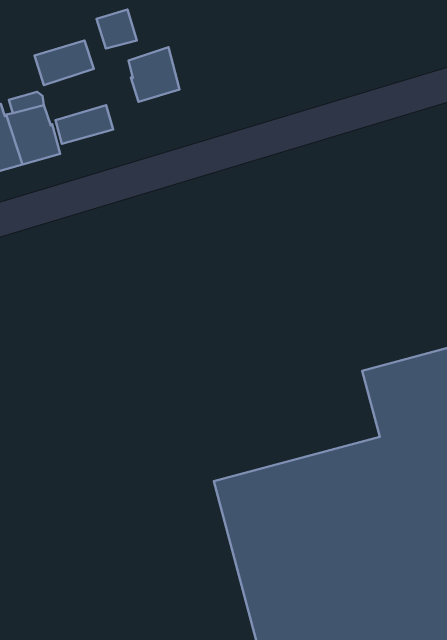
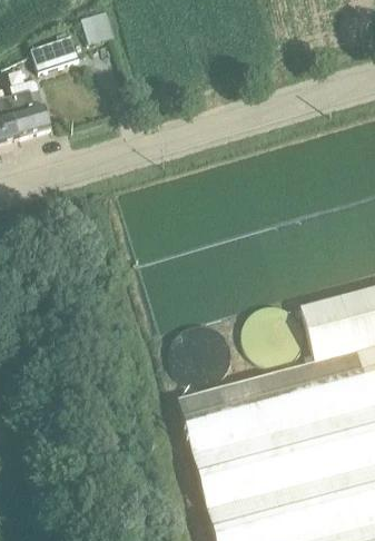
building: [129,47,179,102] -> none
building: [55,105,113,144] -> none

